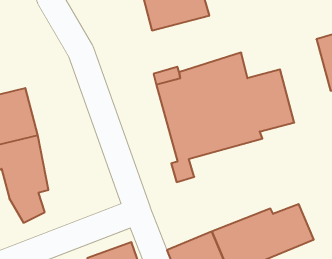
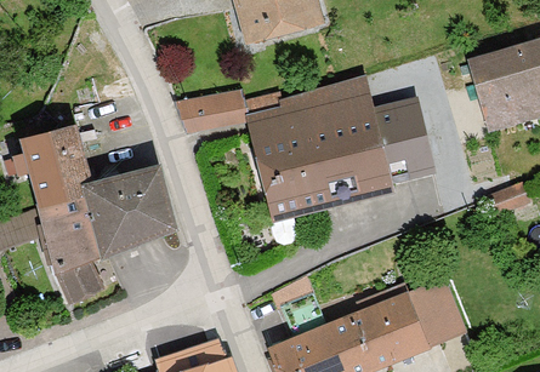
building: none -> [176,93,245,131]
building: none -> [87,167,178,263]

